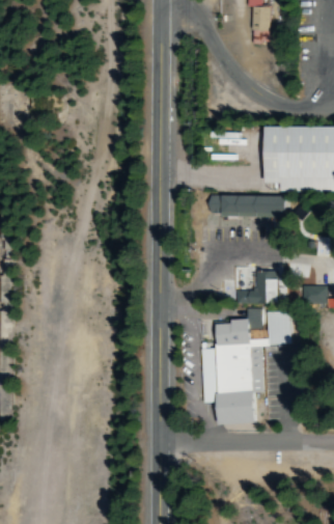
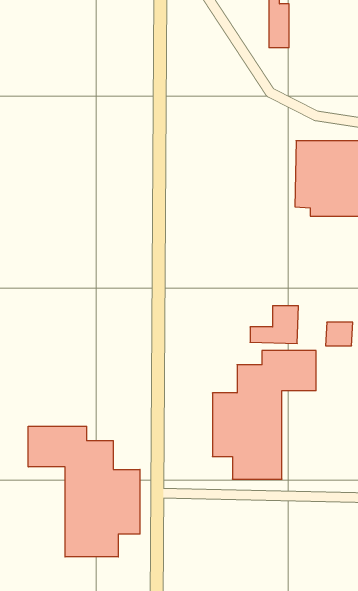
building: [219,194,283,217] -> none
building: none -> [28,426,140,557]

